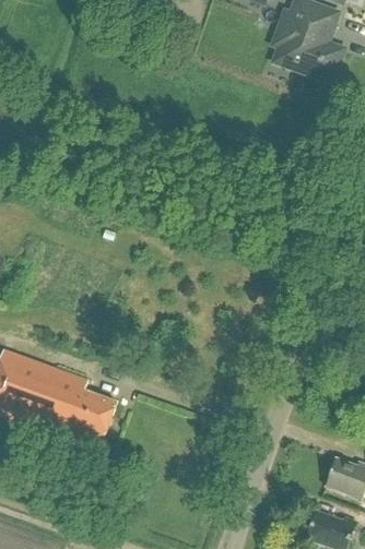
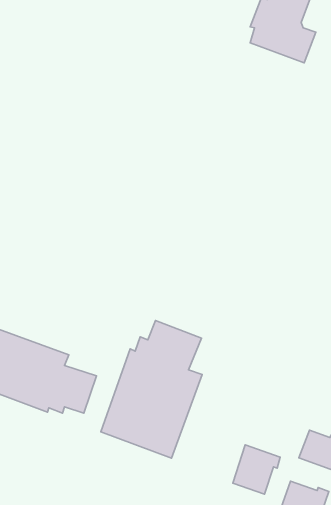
building: none -> [101,321,202,458]
building: none -> [233,445,280,494]

